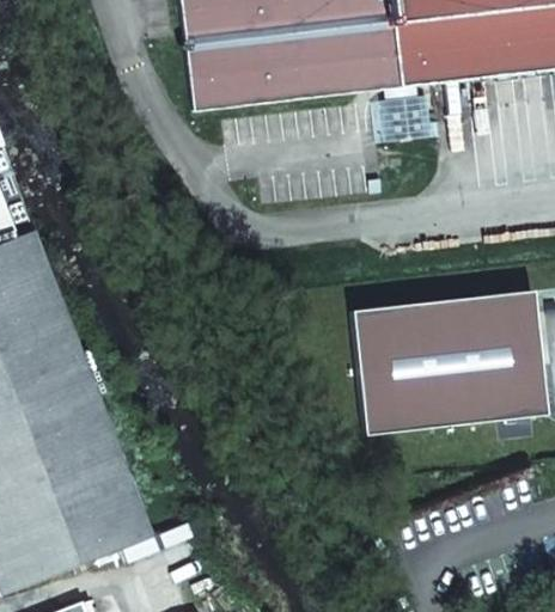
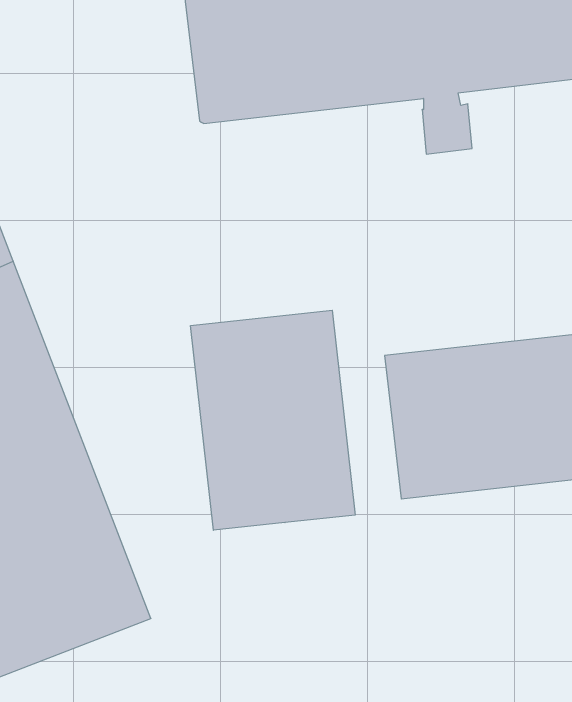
building: none -> [191,310,355,530]

